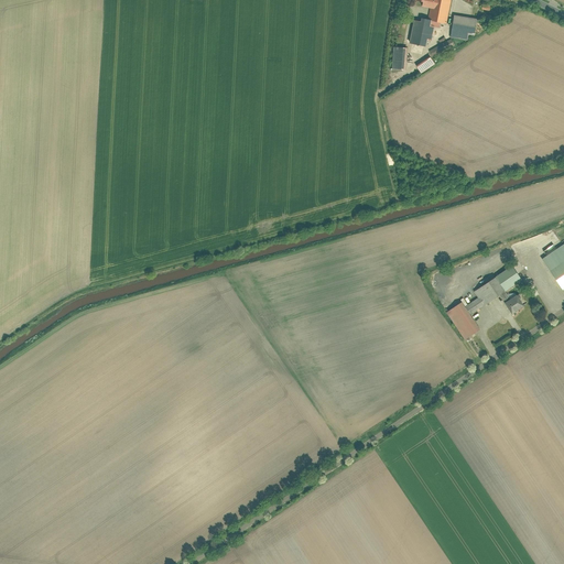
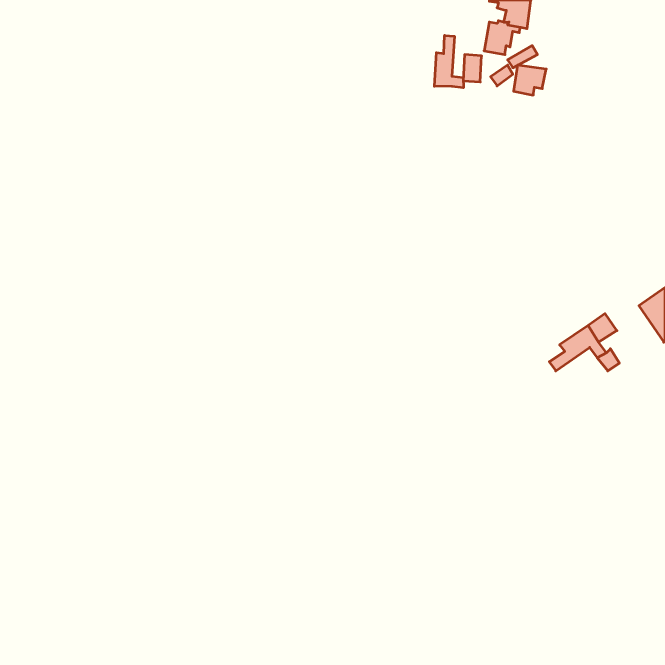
building: [451,14,478,40] -> [514,65,546,95]
building: none -> [434,35,463,88]
building: [437,295,480,339] -> none

